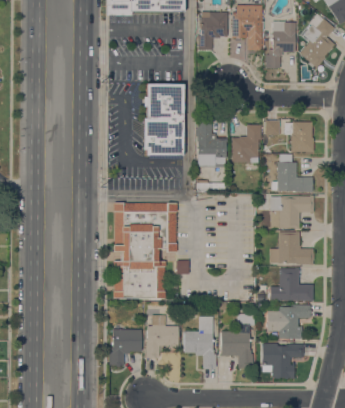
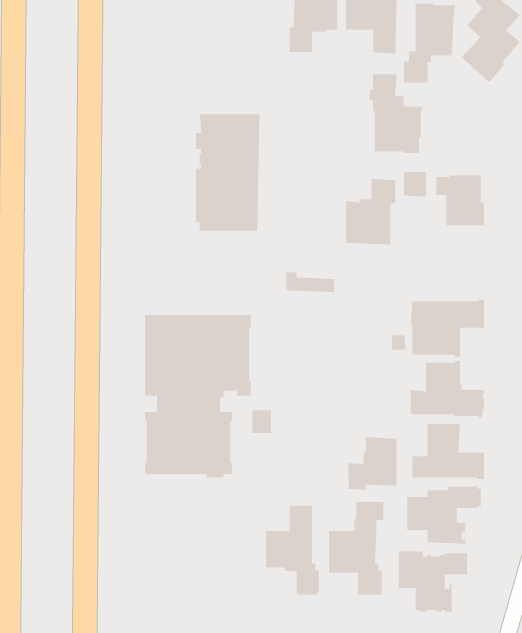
building: [195,120,227,167] -> [369,74,423,154]
building: [271,155,312,192] -> none
building: none -> [348,436,397,490]
building: [145,315,179,358] -> none
building: [109,329,141,367] -> none

